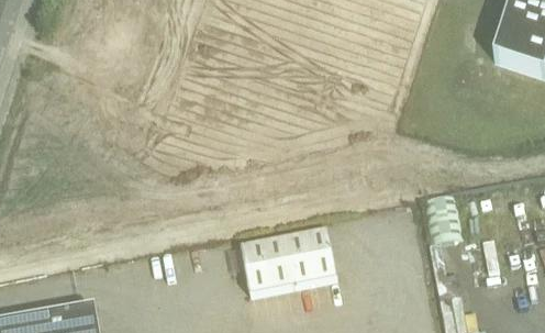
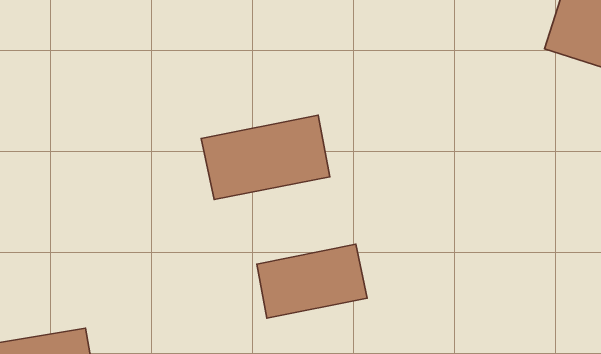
building: none -> [201,115,330,200]

